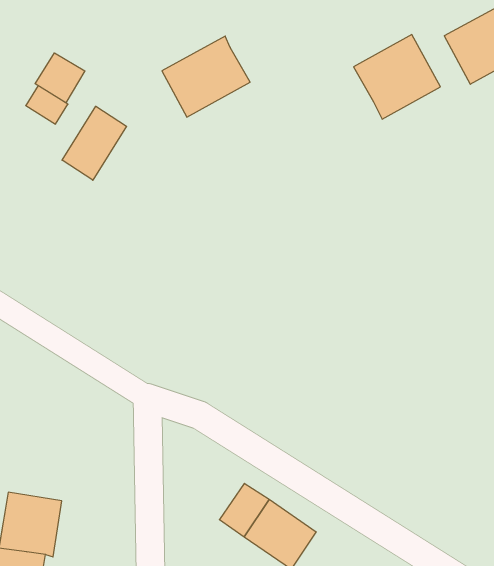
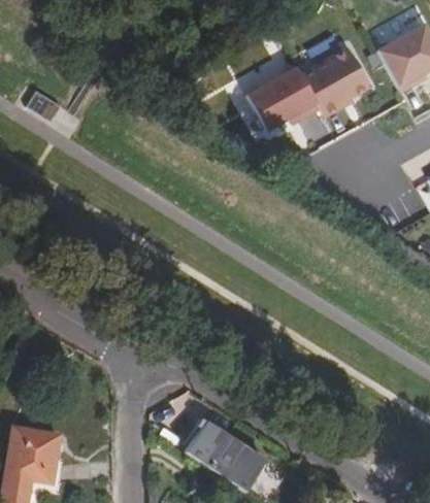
building: [162,36,250,117] -> [242,66,316,133]
building: [35,53,85,103] -> none
building: [62,106,127,180] -> none

